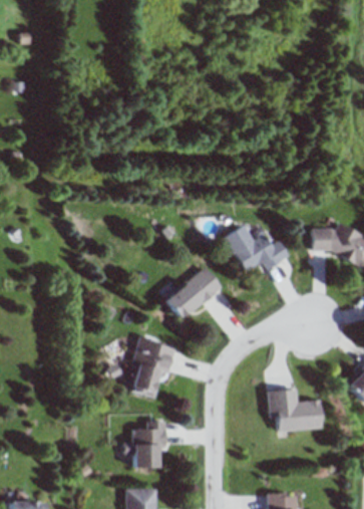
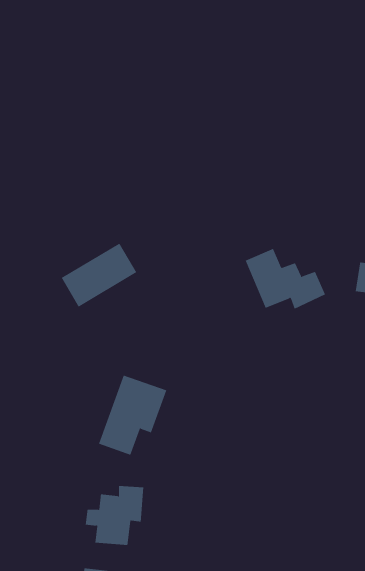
building: [163,267,222,320] -> [61,243,137,307]
building: [267,389,322,431] -> none

